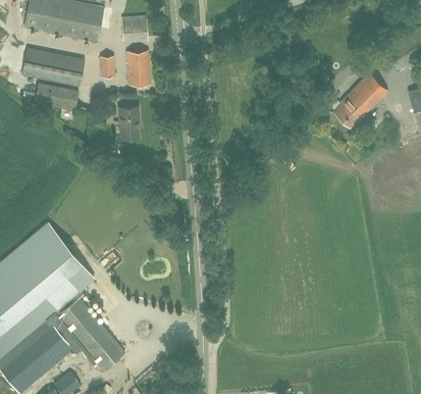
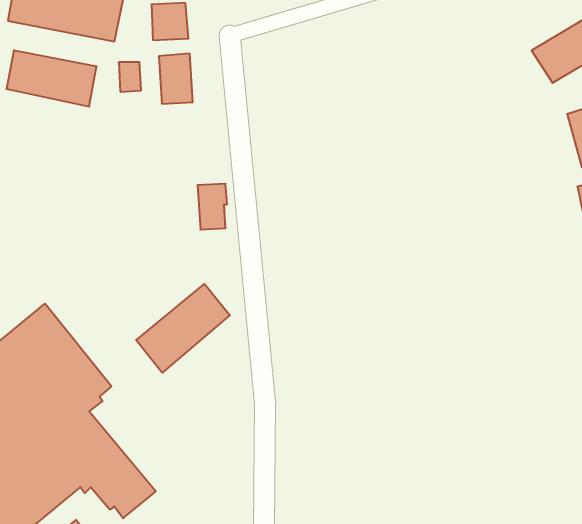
building: [334,73,385,128] -> none
building: [35,82,78,110] -> none
building: [119,106,140,138] -> [197,184,227,230]
building: none -> [136,284,230,373]

